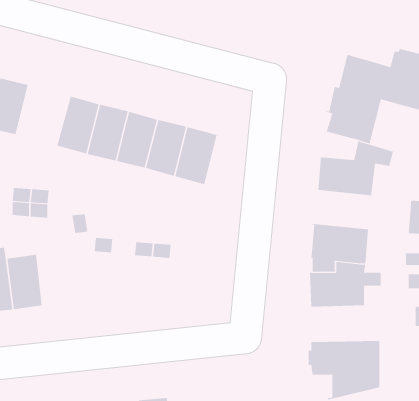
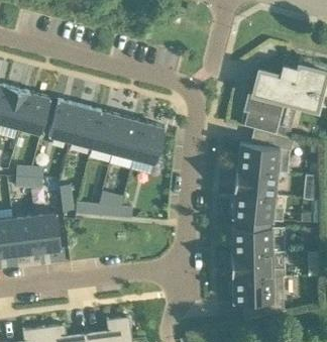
building: none -> [18,92,50,134]
building: none -> [231,168,277,197]
building: none -> [33,212,61,252]
building: none -> [230,252,285,278]

